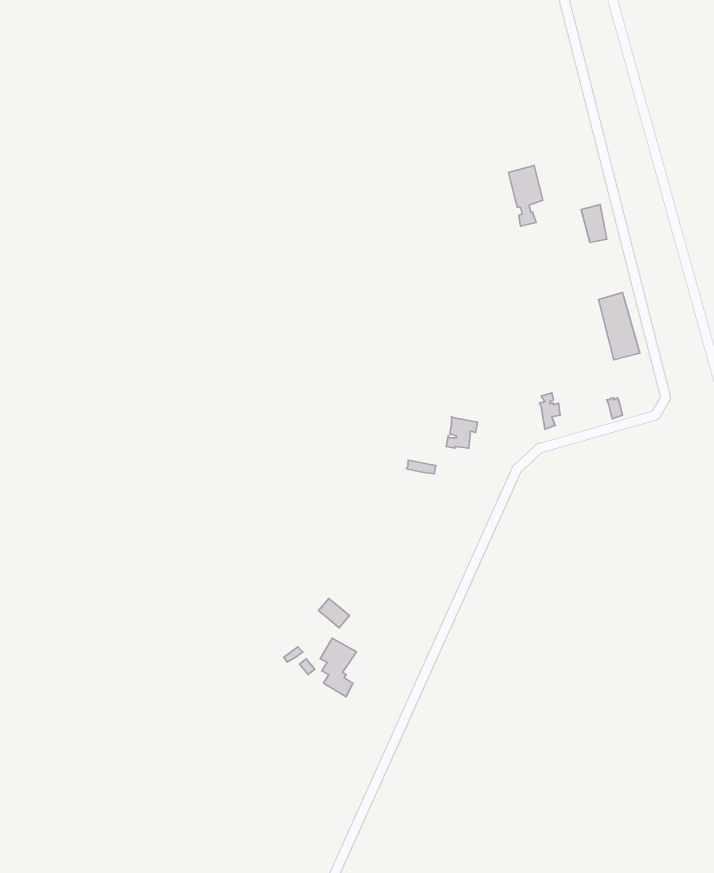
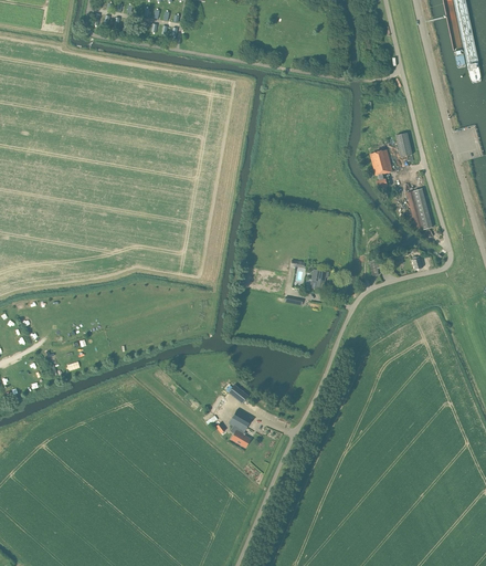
building: [508,166,543,226] -> [370,148,392,187]

